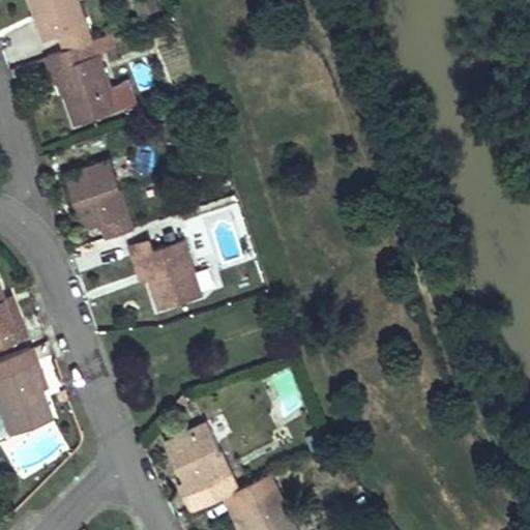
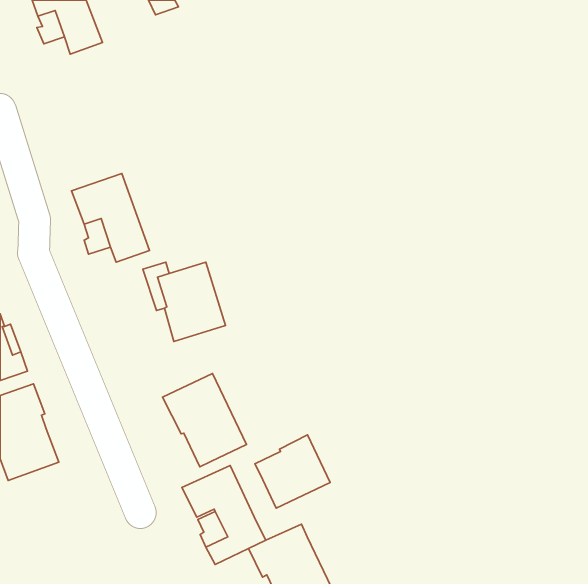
building: [46,40,119,127] -> none
building: none -> [162,373,247,467]
building: none -> [255,435,330,508]

